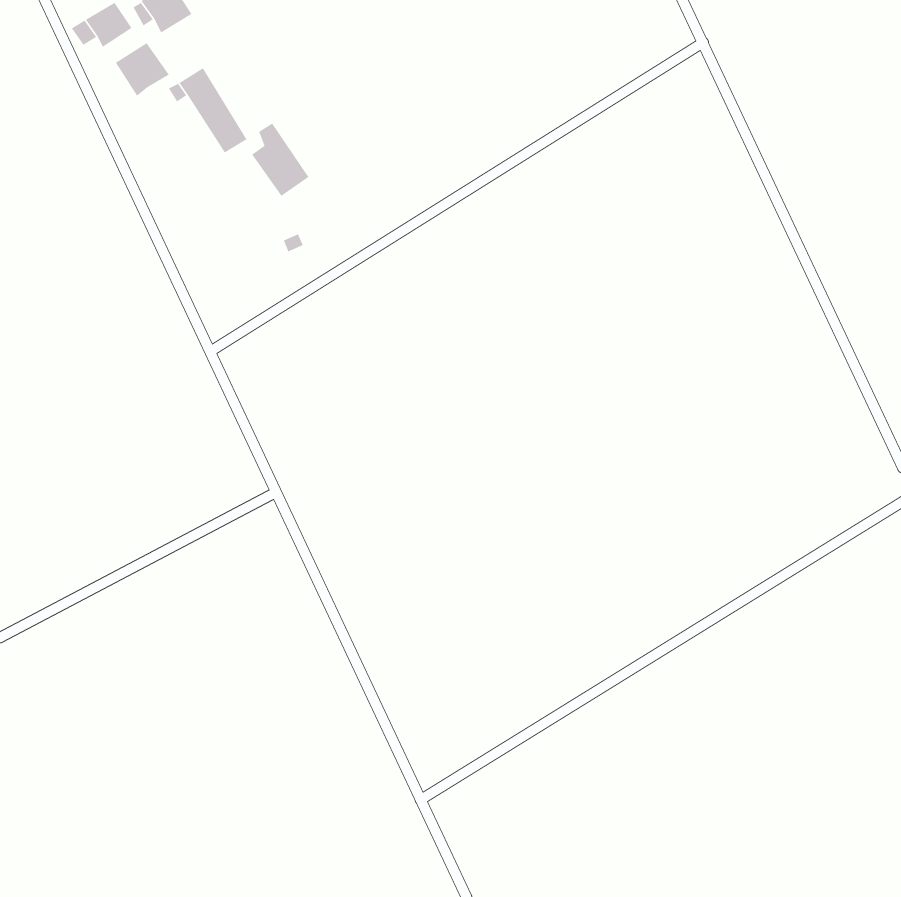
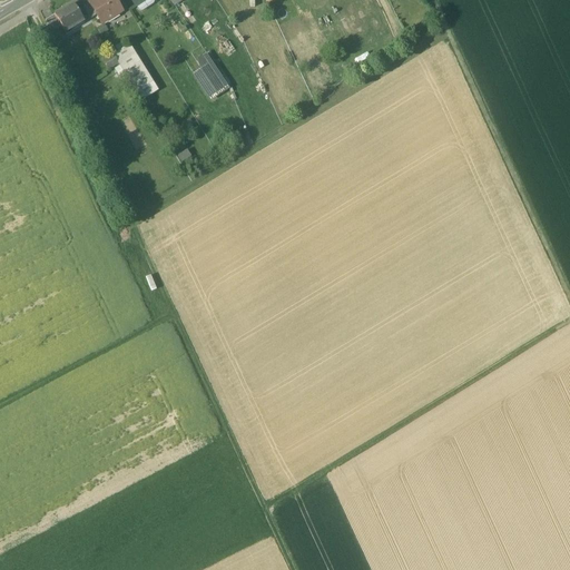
building: [115,42,170,97] -> none
building: [251,123,310,197] -> [193,51,229,98]

